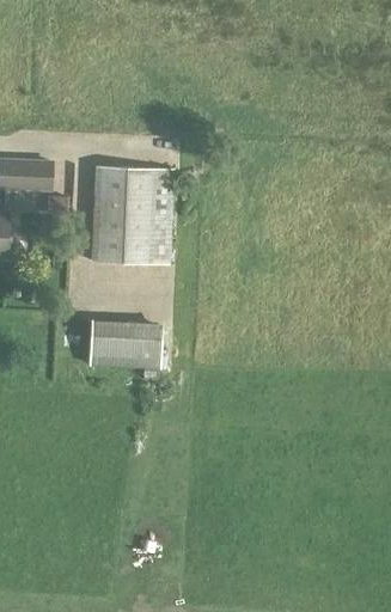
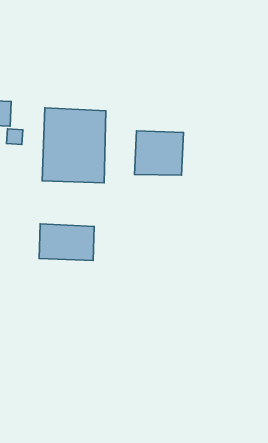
building: none -> [135,131,183,175]

